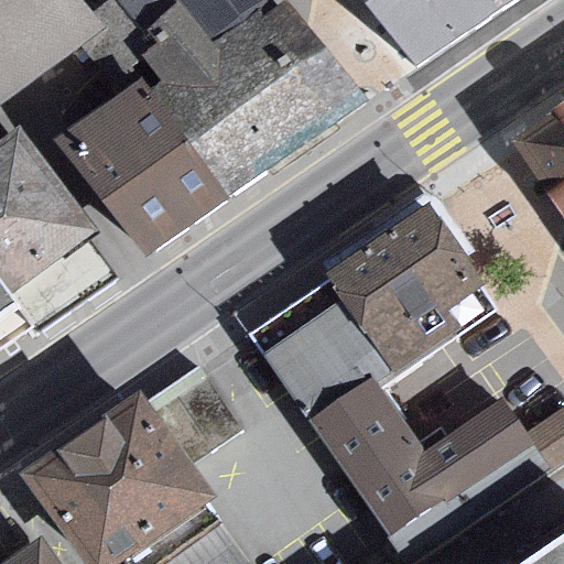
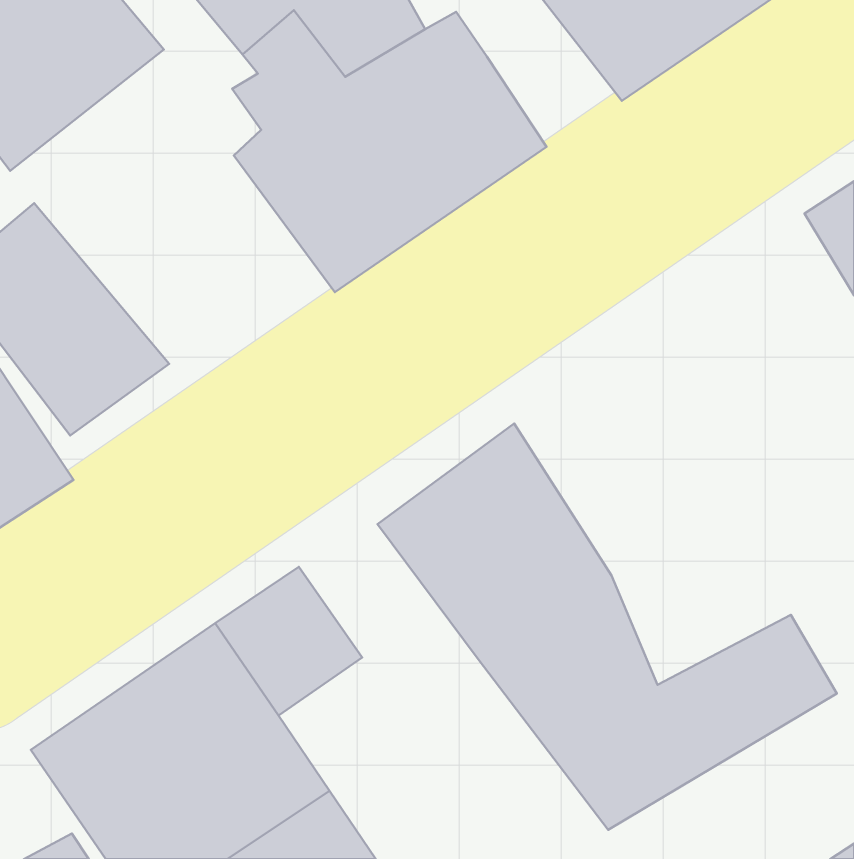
building: [55,88,216,245] -> none
building: [332,206,489,371] -> none

